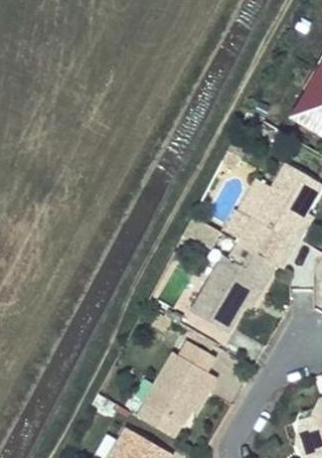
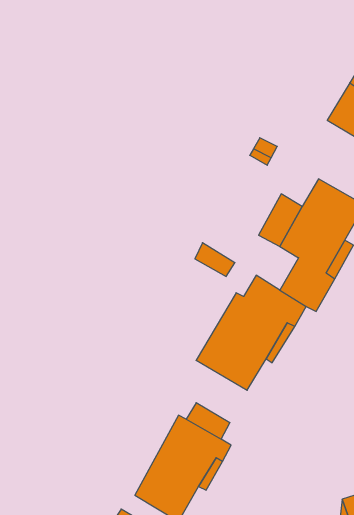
building: [231,214,269,253] -> none

